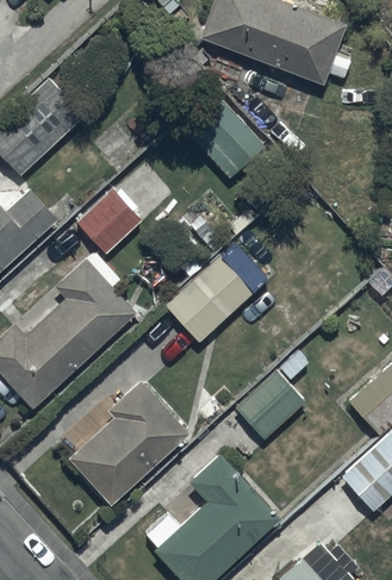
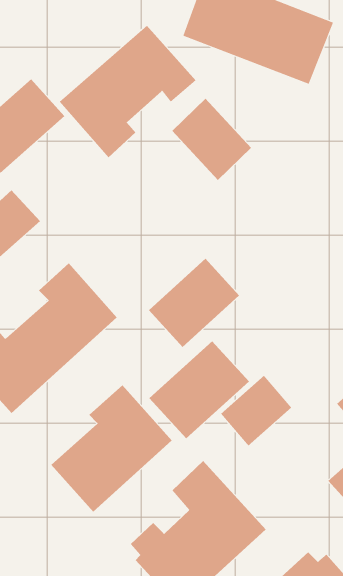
building: none -> [59,25,196,158]
building: [77,187,143,252] -> none
building: none -> [149,341,250,439]

